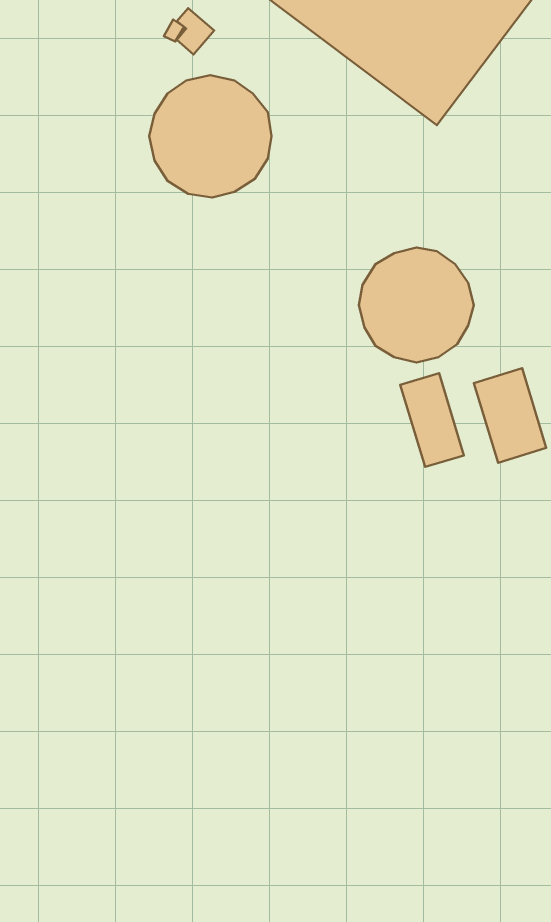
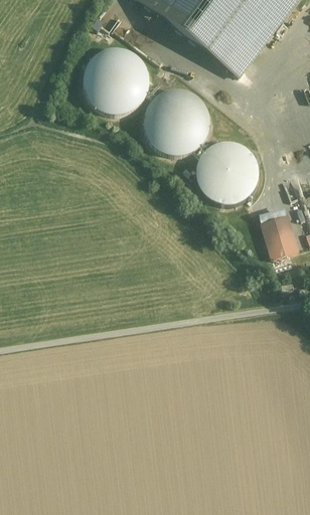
building: none -> [148,94,211,156]
building: [400,373,464,467] -> none

